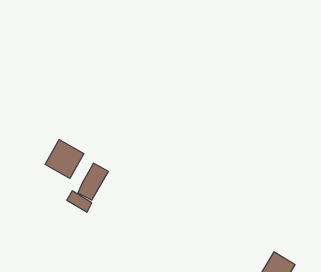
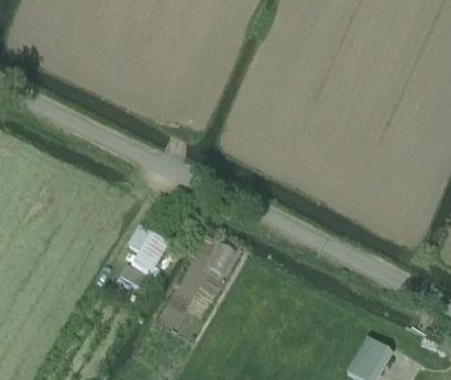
building: [45,140,84,178] -> none

